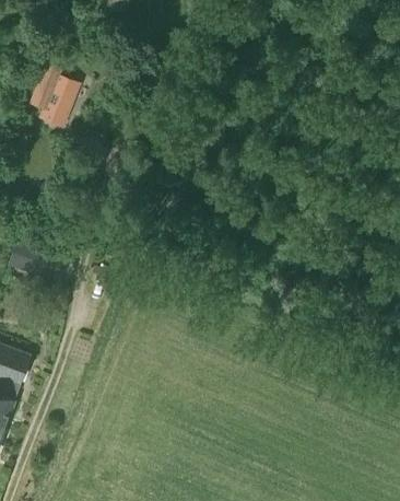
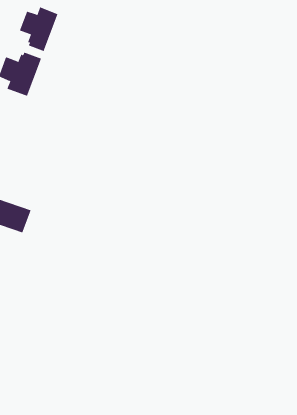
building: none -> [19,7,58,52]

